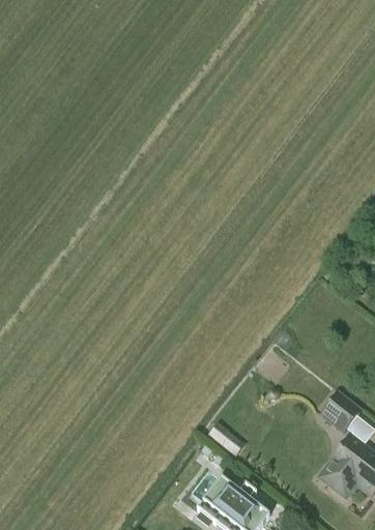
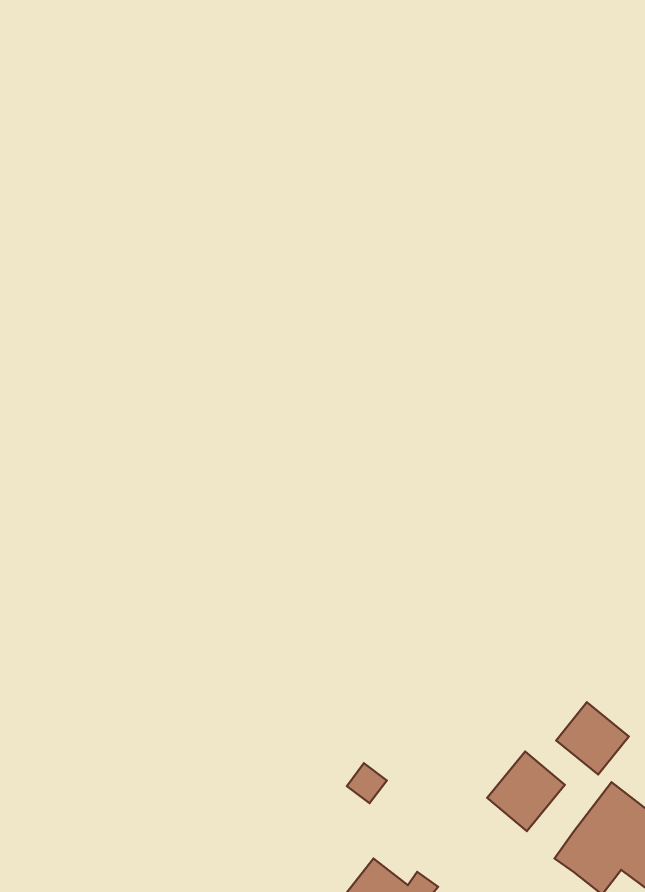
building: none -> [487,751,565,831]

